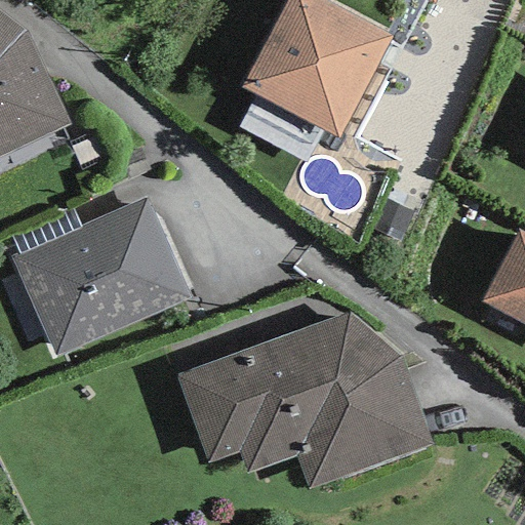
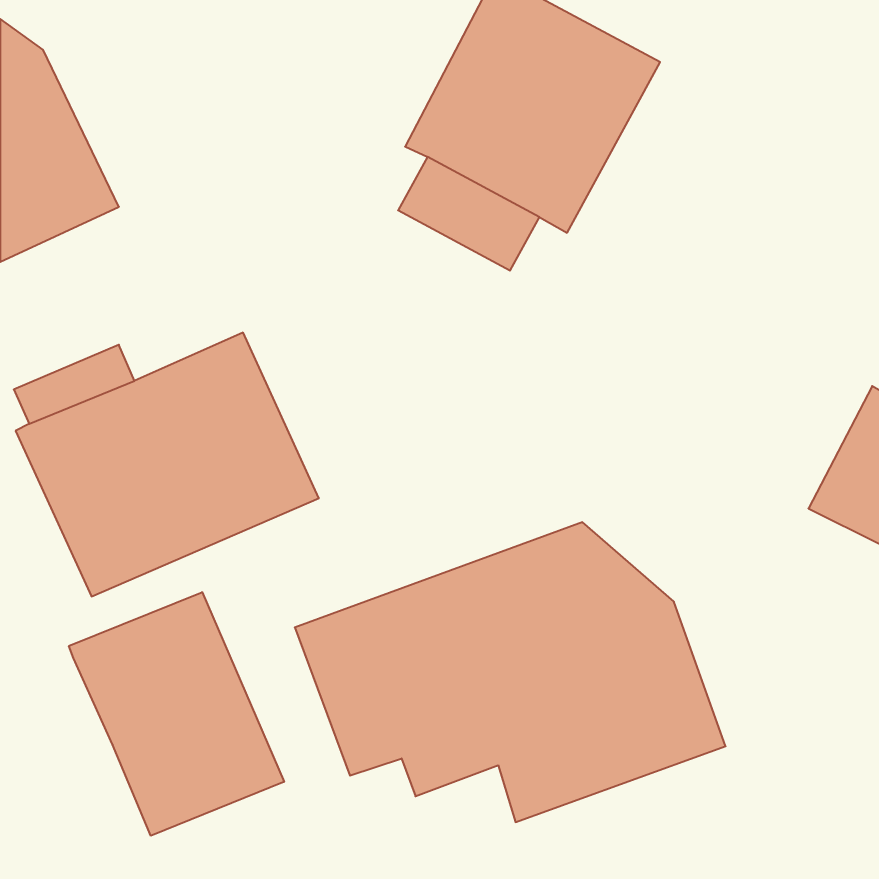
building: none -> [69,592,284,836]

